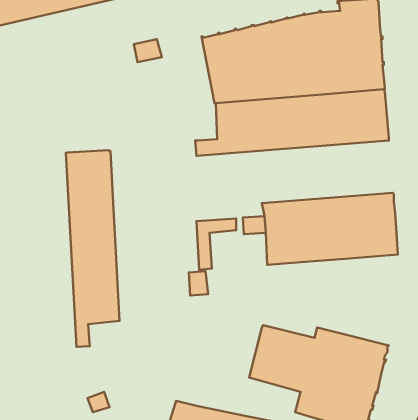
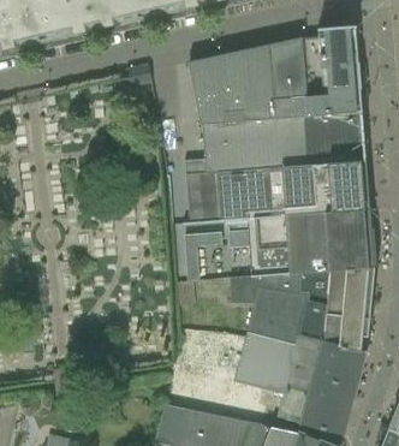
building: none -> [185,160,369,224]
building: [66,150,119,347] -> none
building: none -> [228,267,374,352]

